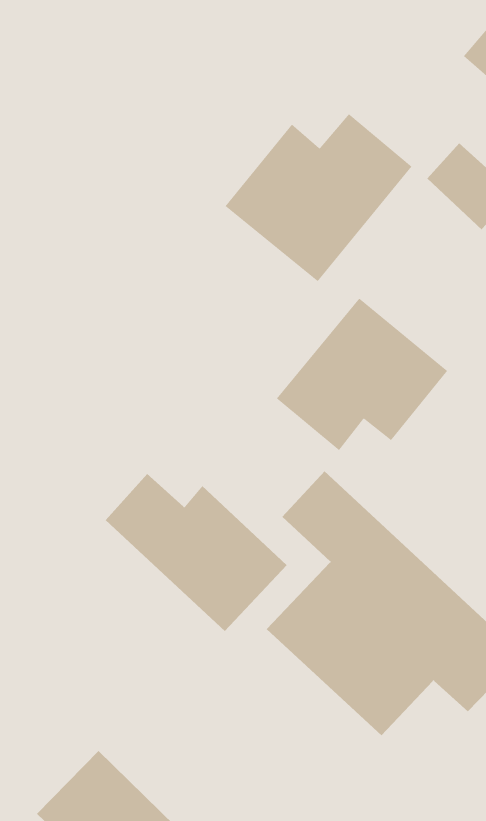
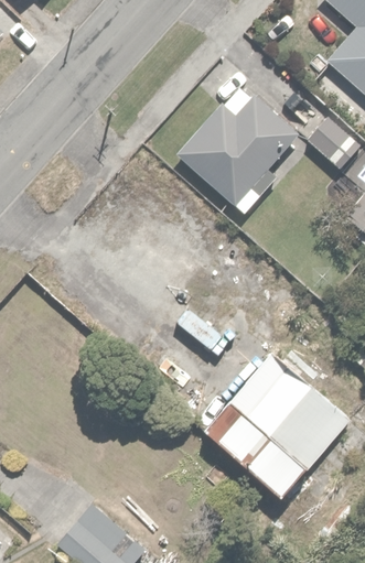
building: [276,298,448,451] -> none
building: [105,473,288,632] -> none

